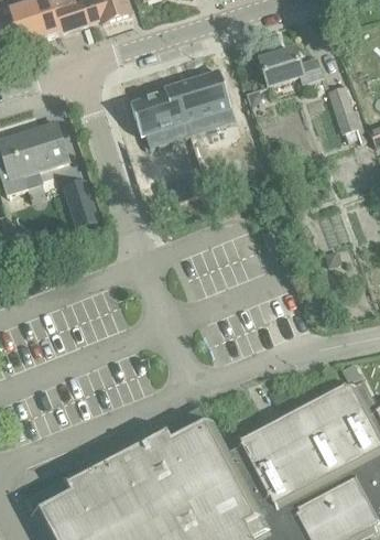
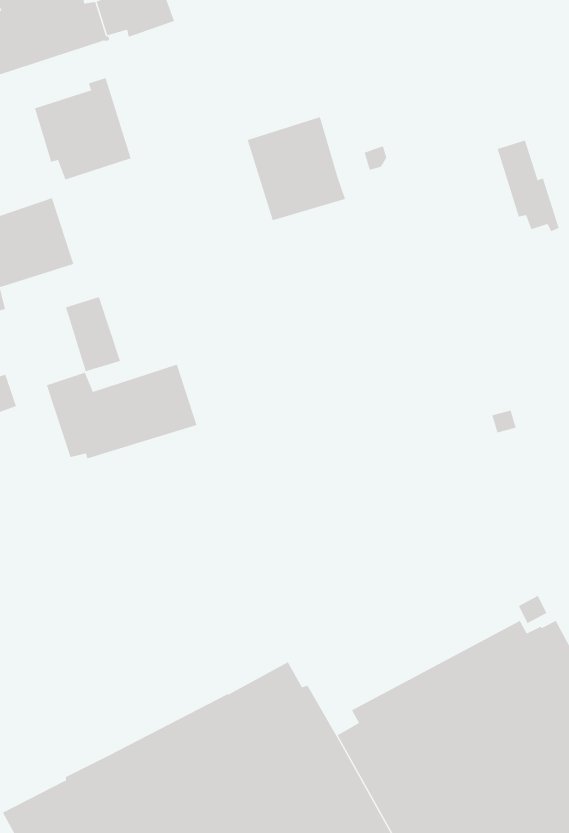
building: [261,51,322,87] -> none
building: [131,87,191,150] -> [34,78,131,180]
building: none -> [46,364,197,459]

